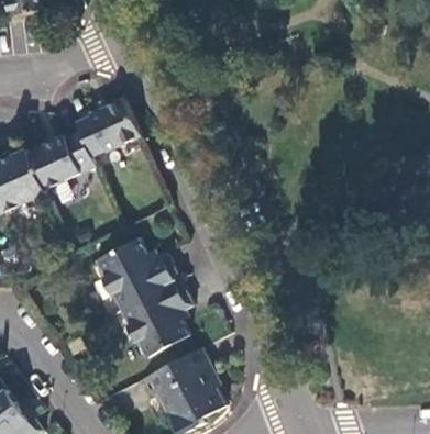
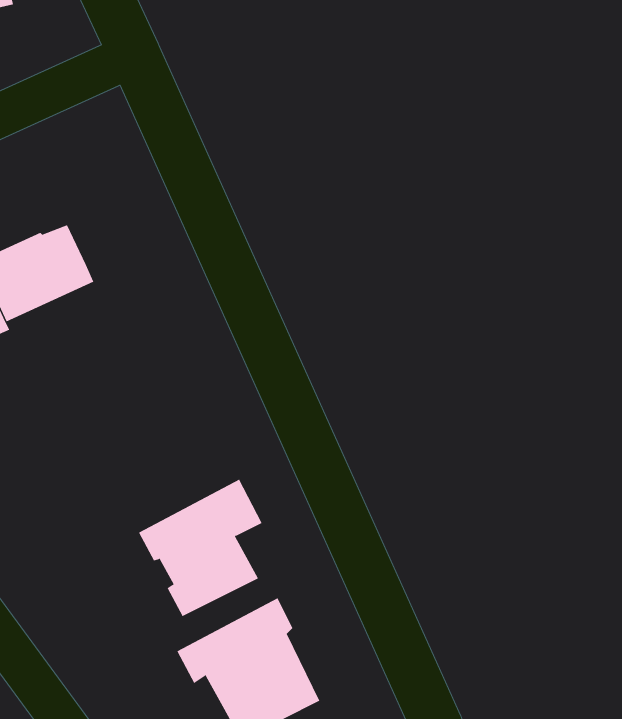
building: [75,97,140,155] -> none
building: [96,236,178,309] -> none

